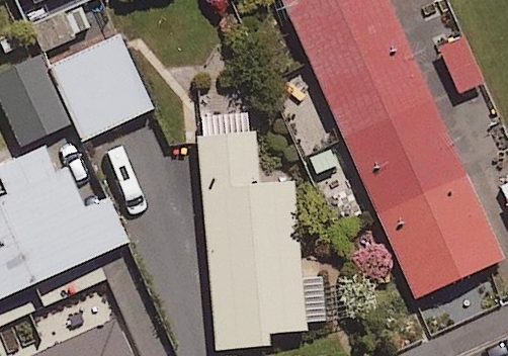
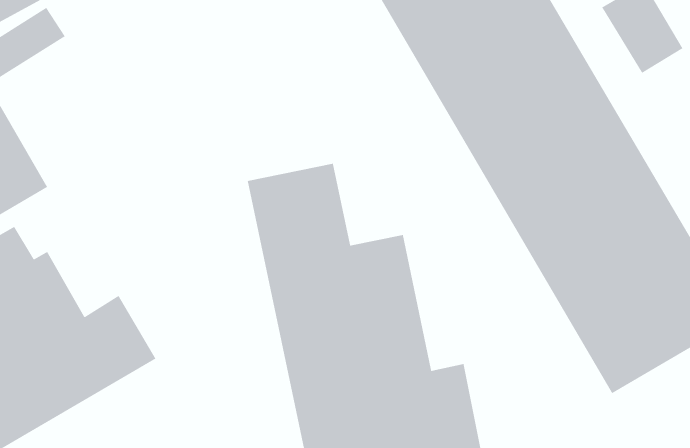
building: [52,34,153,139] -> none

